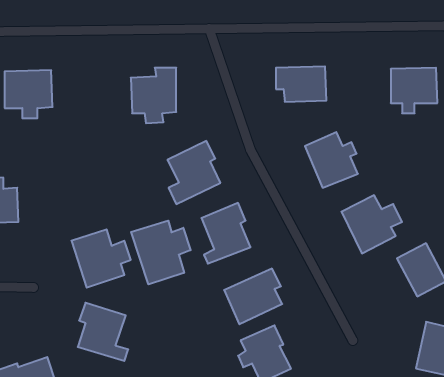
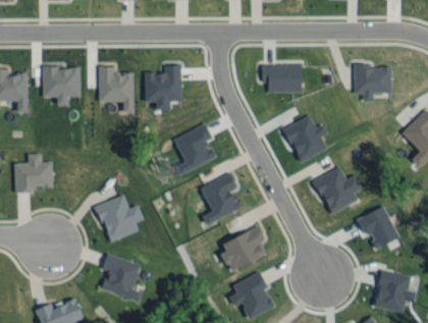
building: none -> [97,65,133,111]
building: [131,221,191,284] -> none

